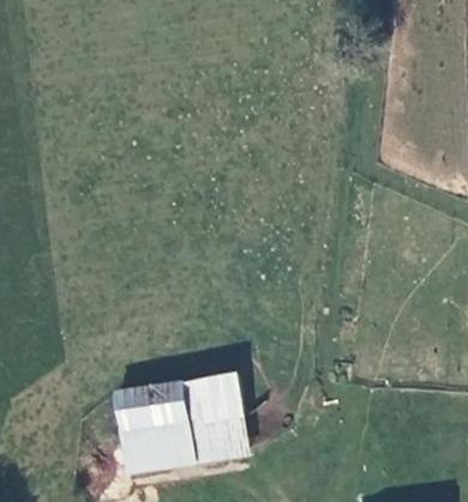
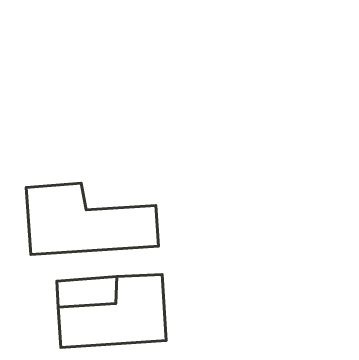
building: none -> [26,183,158,255]

